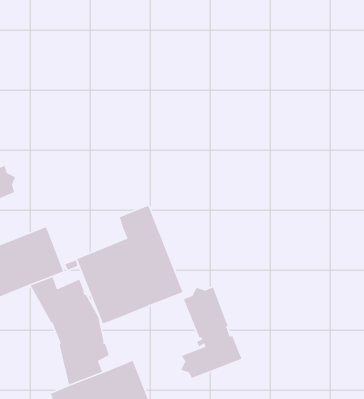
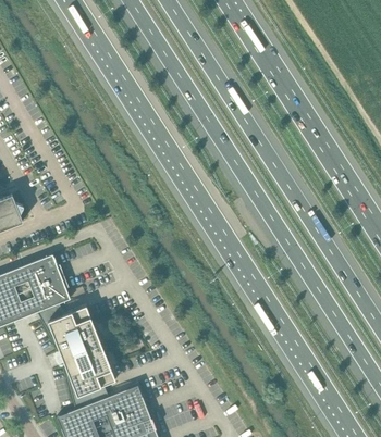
building: [76,205,184,324] -> none
building: [180,287,242,379] -> none

